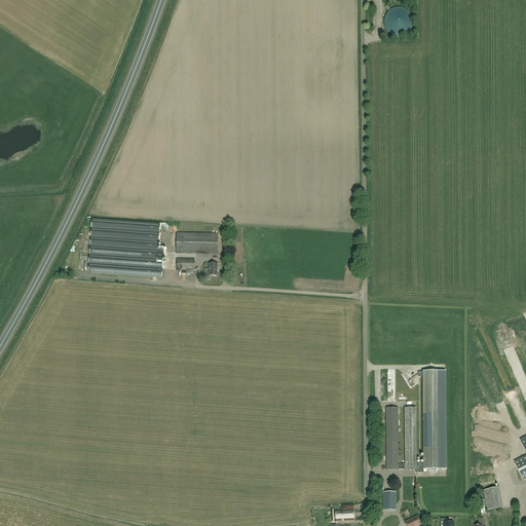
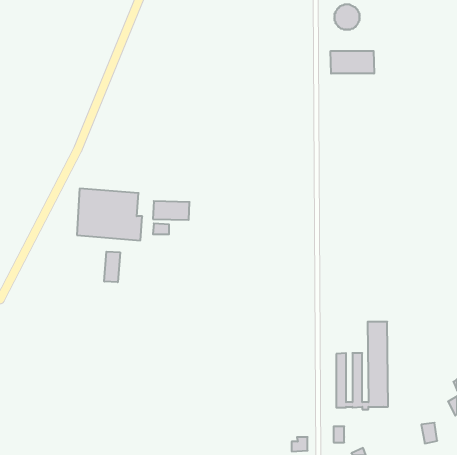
building: none -> [331,51,374,74]
building: none -> [104,252,120,282]

